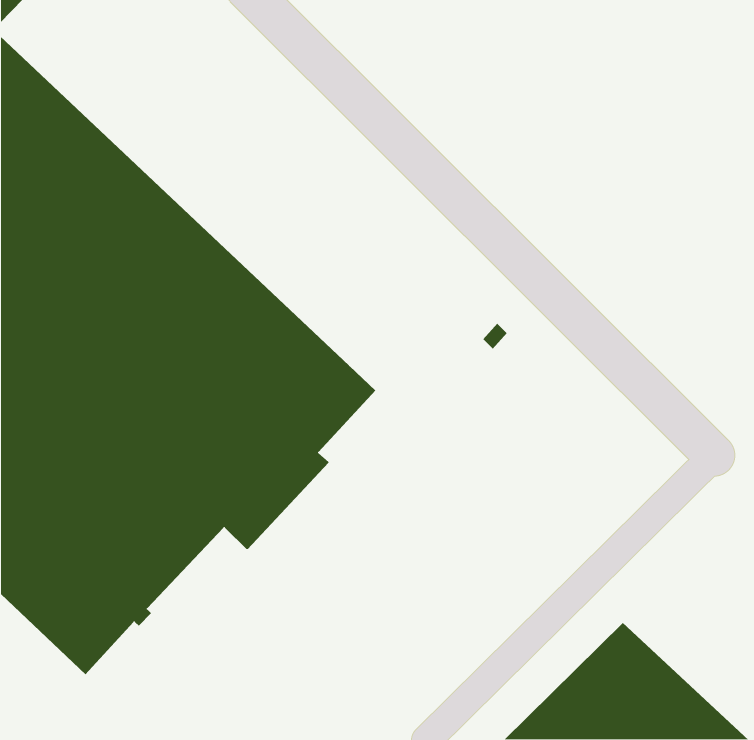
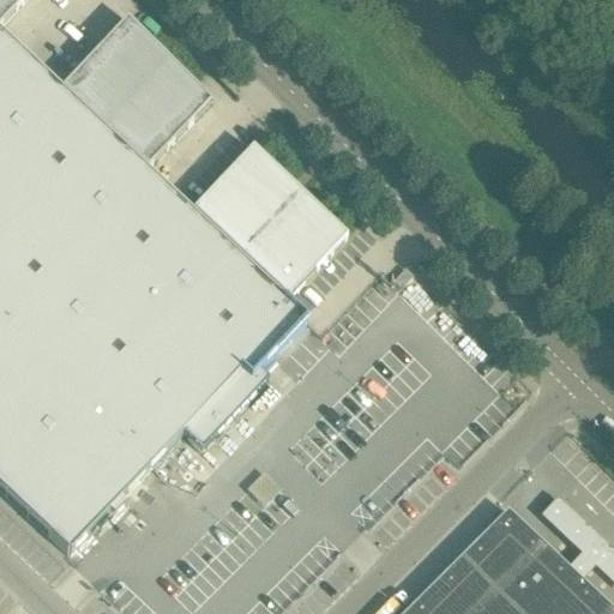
building: none -> [61,14,210,164]
building: none -> [191,140,344,291]

